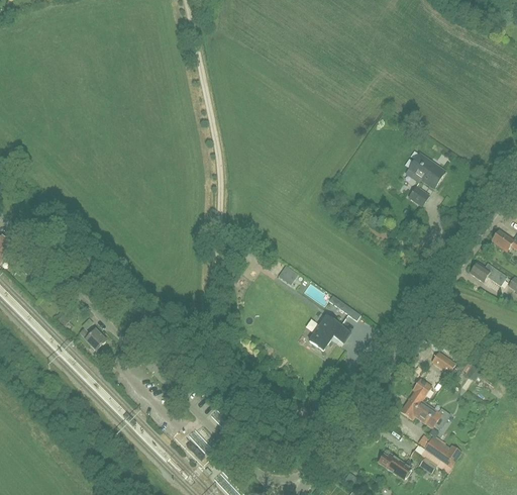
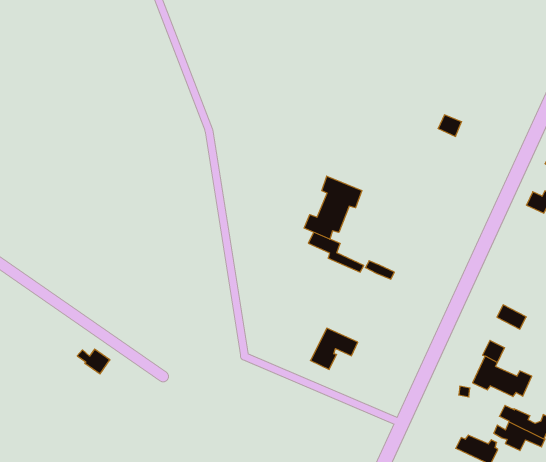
building: [408,152,444,187] -> none
building: none -> [304,176,362,239]
building: [308,314,349,349] -> [310,328,358,369]

